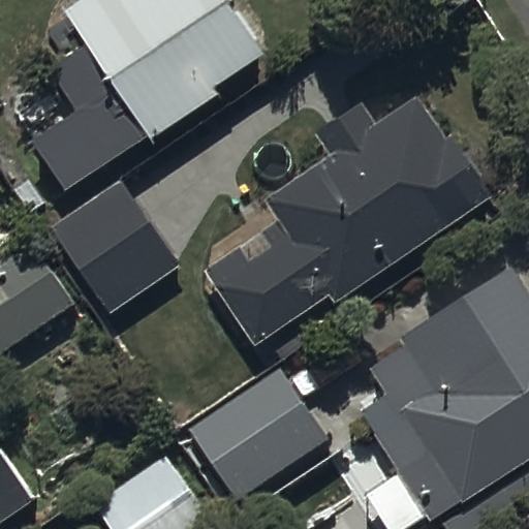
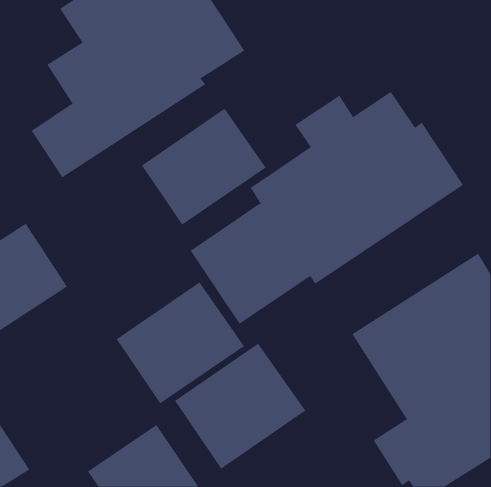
building: none -> [141,108,267,226]
building: [49,179,178,312] -> none
building: none -> [116,282,245,404]

